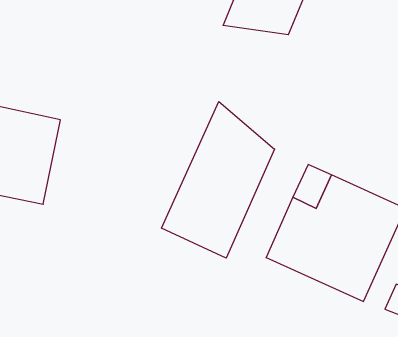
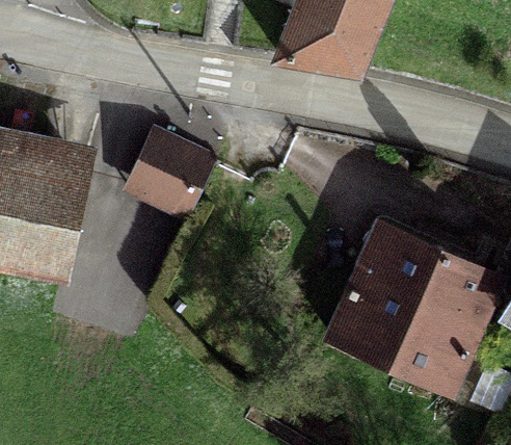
building: none -> [132,132,212,211]
building: [162,102,275,258] -> none

